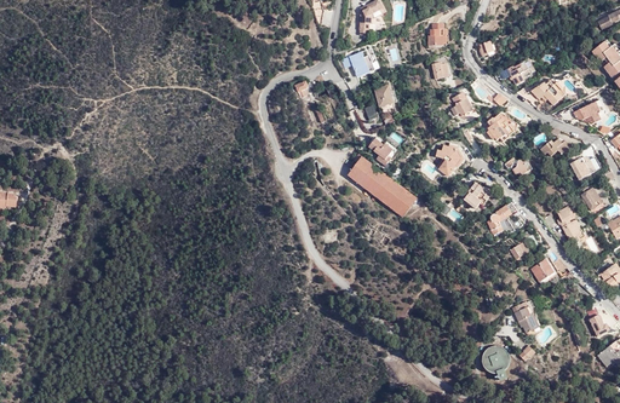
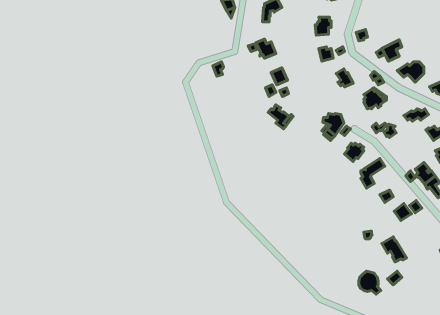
building: [349,155,418,218] -> none

